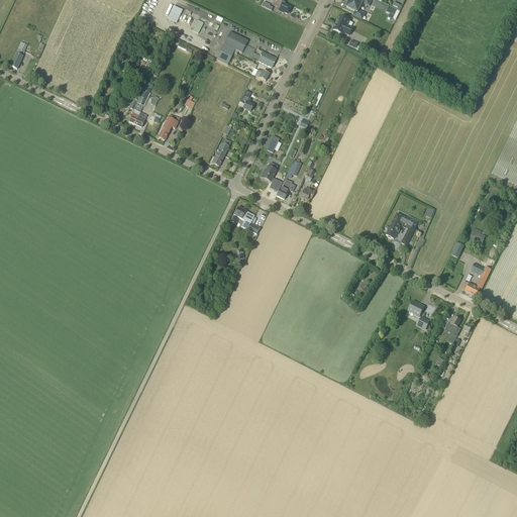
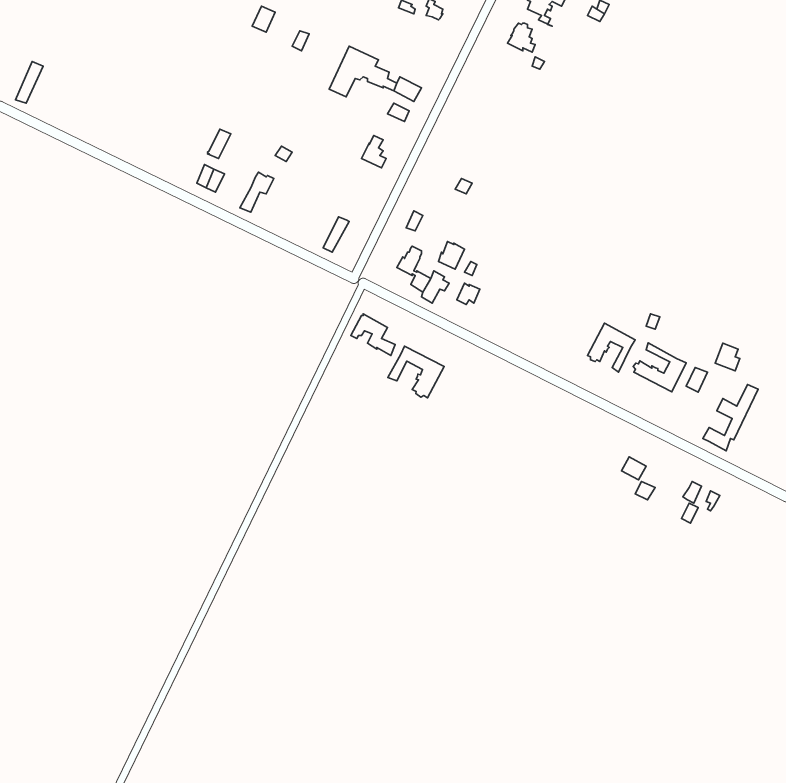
building: none -> [633,343,686,392]
building: none -> [388,346,444,398]

